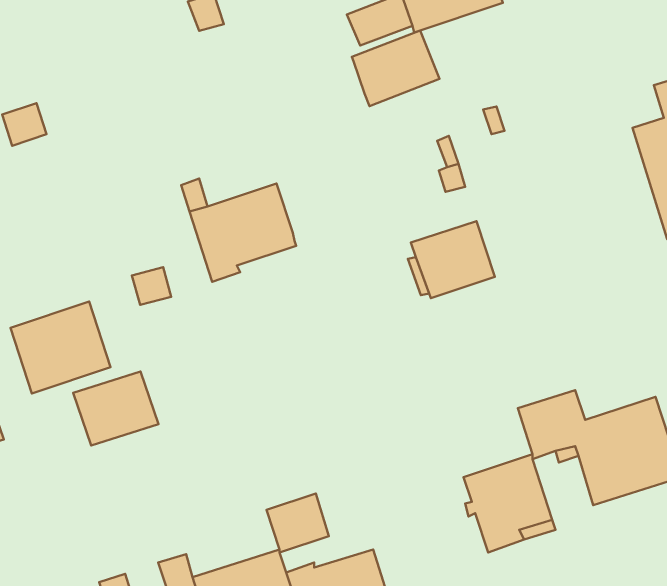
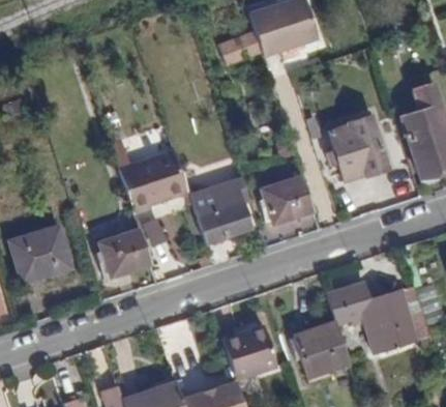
building: [352,30,439,106] -> none
building: none -> [326,114,391,180]
building: none -> [190,177,254,243]
building: [73,372,159,445] -> [98,230,152,277]
building: none -> [224,325,278,380]

